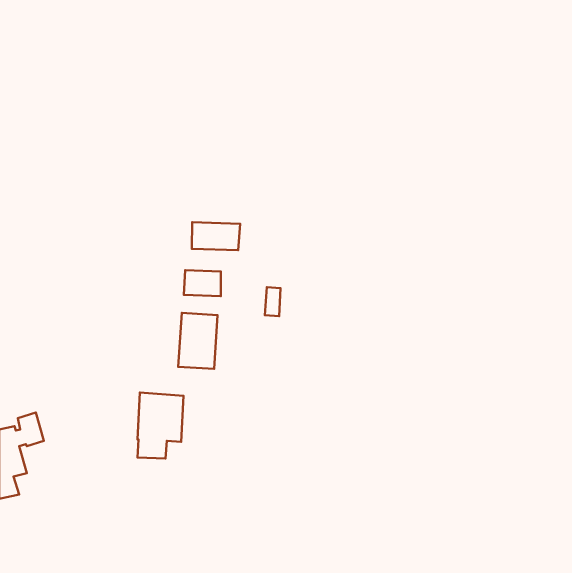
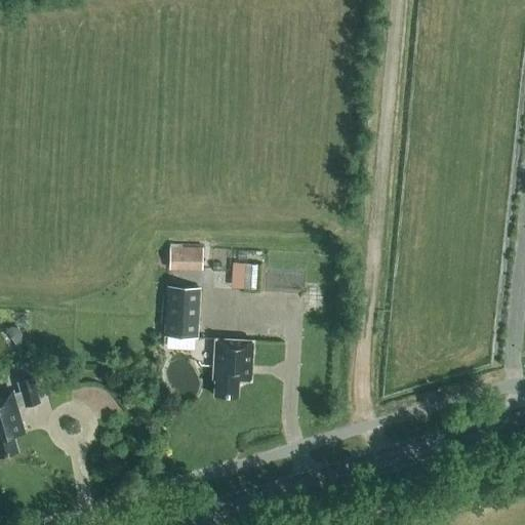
building: [192,222,240,250] -> none
building: [138,392,184,459] -> [211,337,253,398]

